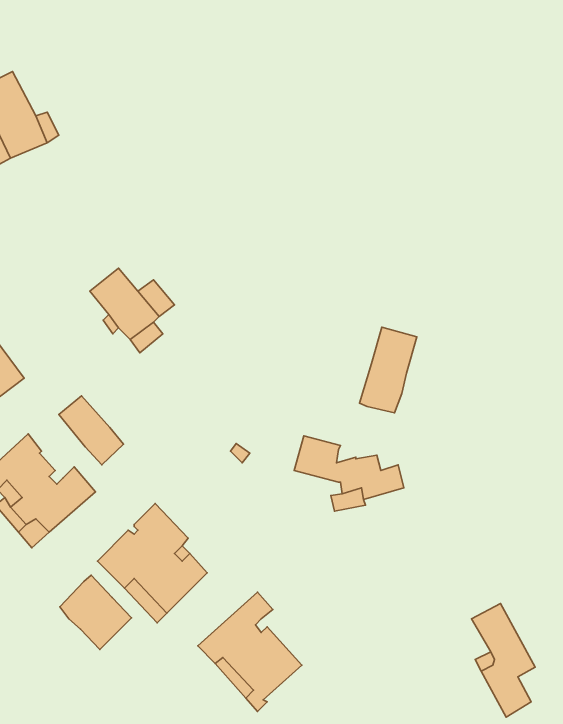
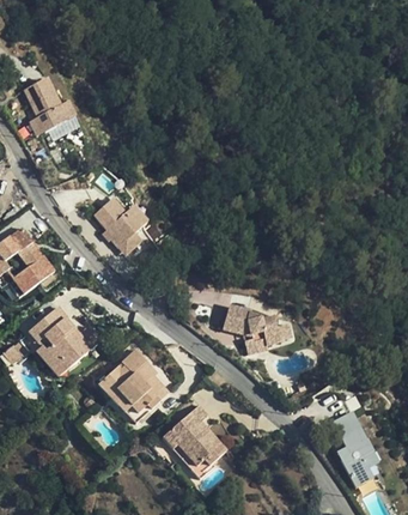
building: [360,327,417,413] -> none
building: [59,396,124,465] -> none
building: [60,575,131,649] -> none

